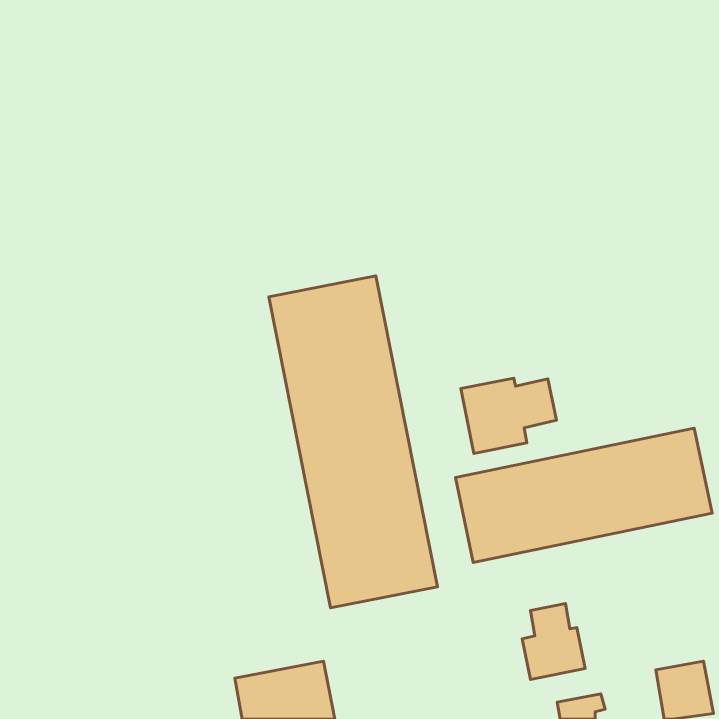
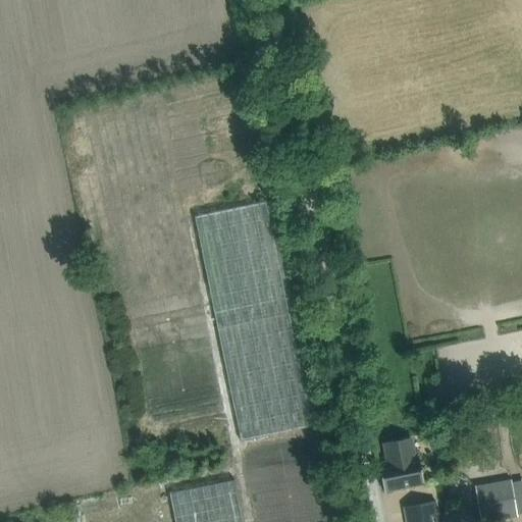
building: [461,378,556,453] -> none
building: [455,428,712,563] -> none

